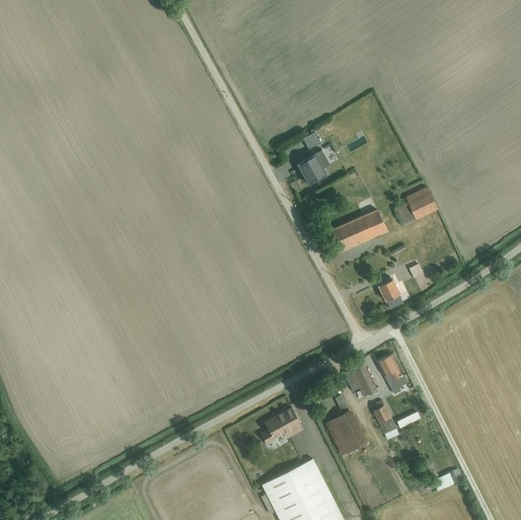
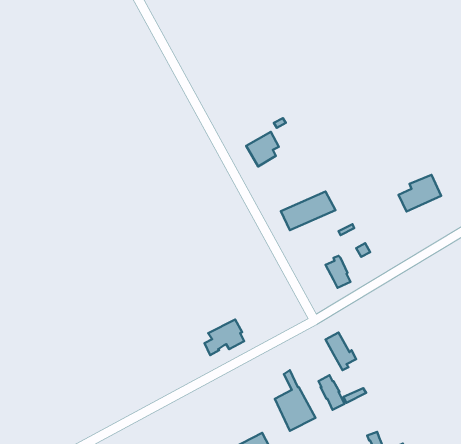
building: [394,187,438,225] -> [399,175,441,212]
building: [343,361,377,398] -> none
building: [260,408,301,445] -> [204,319,244,355]

